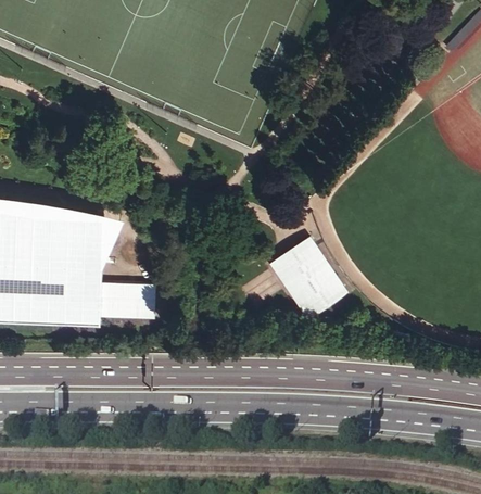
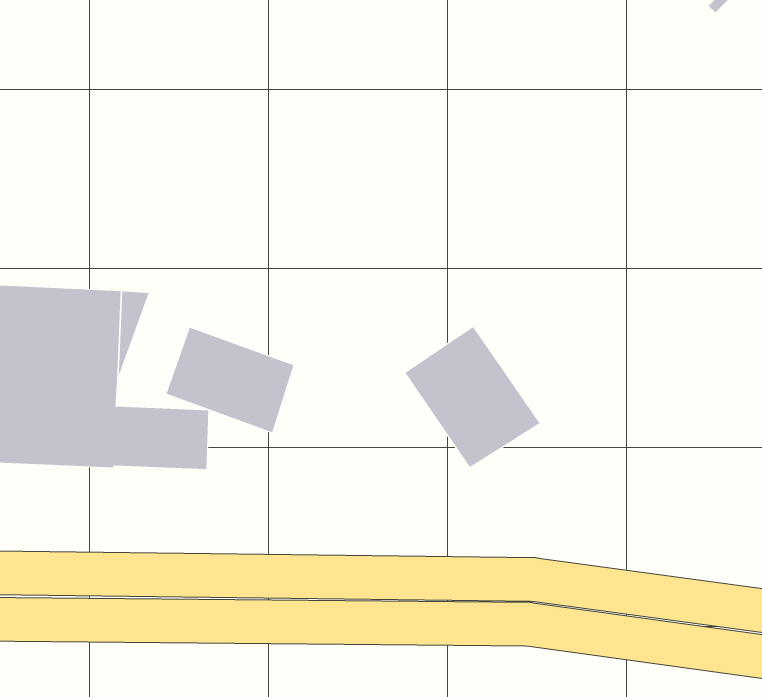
building: none -> [166,327,294,433]

